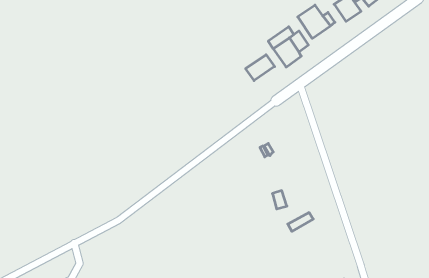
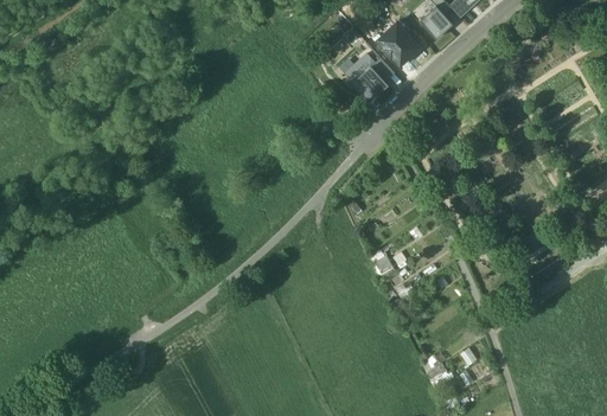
building: [246,55,275,81] -> none

